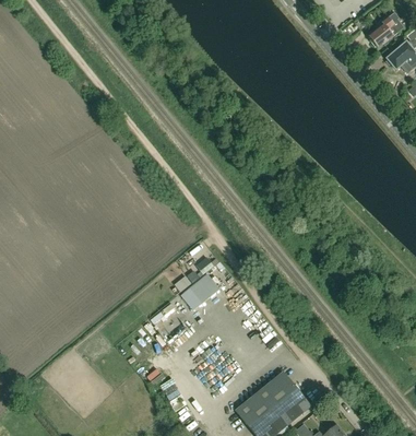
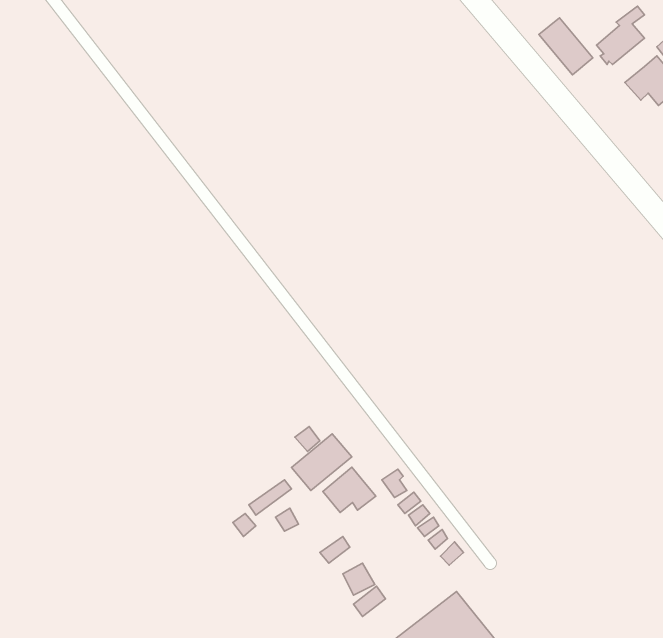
building: none -> [539,18,593,75]
building: none -> [323,467,376,512]

